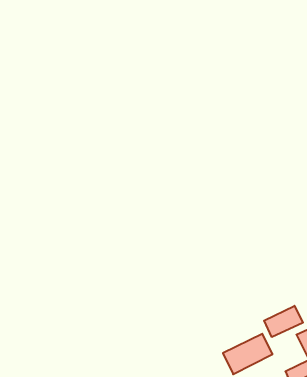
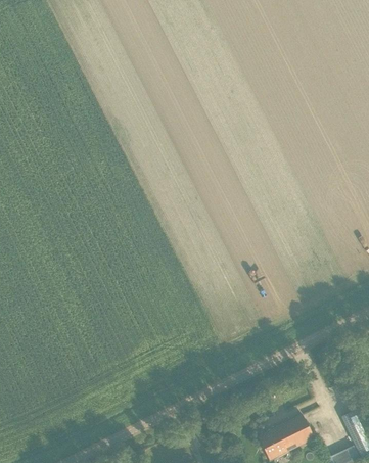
building: [264,306,303,337] -> none

